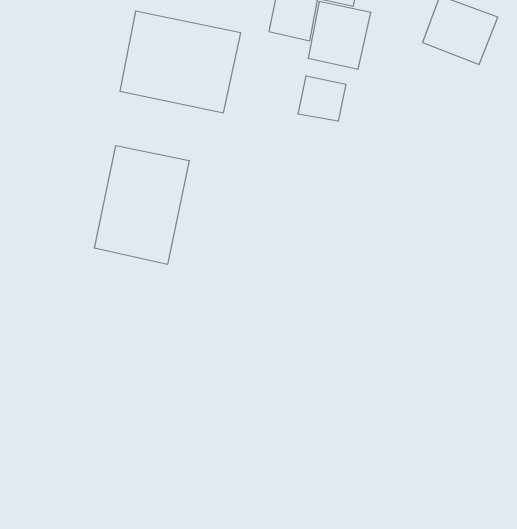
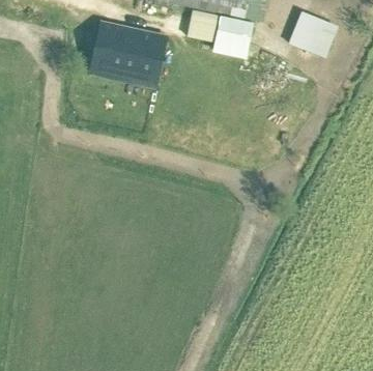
building: [298,76,346,121] -> none
building: [95,146,189,264] -> none

